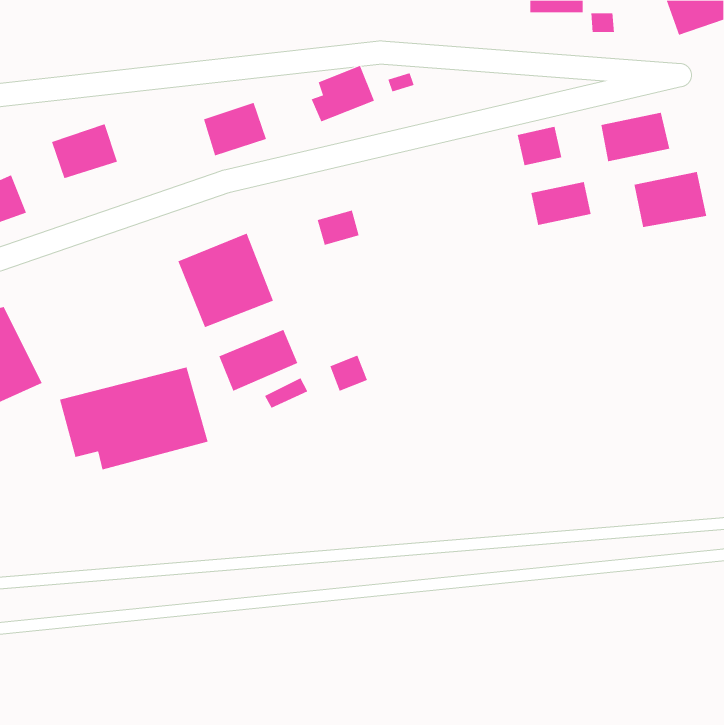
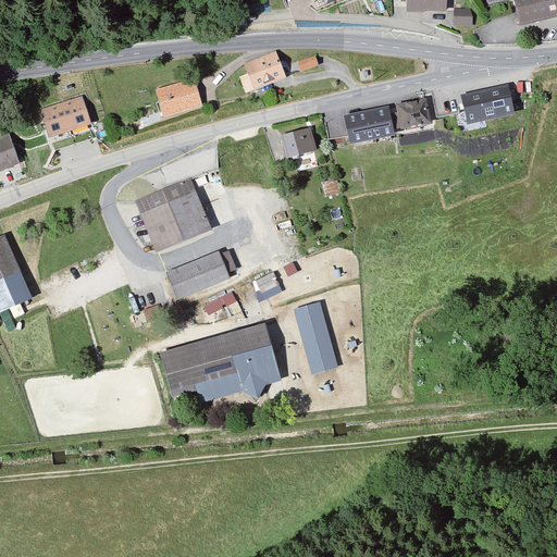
building: [634,171,707,228] -> none
building: [531,181,592,225] -> [345,108,392,141]
building: [317,210,360,245] -> [282,129,314,157]
building: [59,367,208,470] -> [164,324,278,404]
building: none -> [293,302,337,375]

